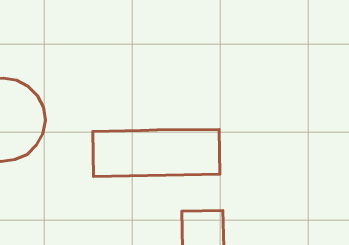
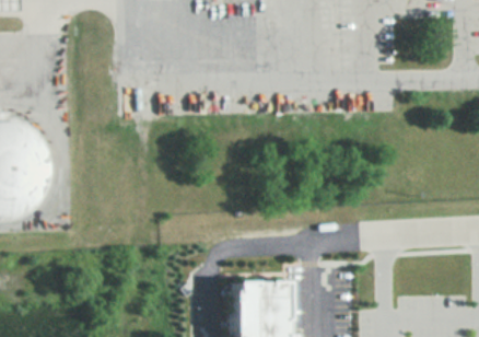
building: [93,129,220,176] -> none

